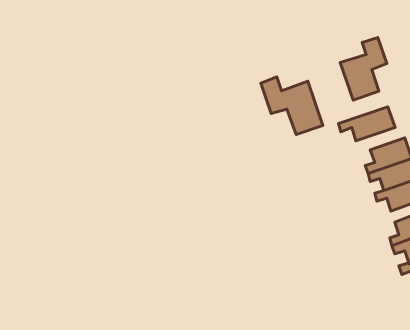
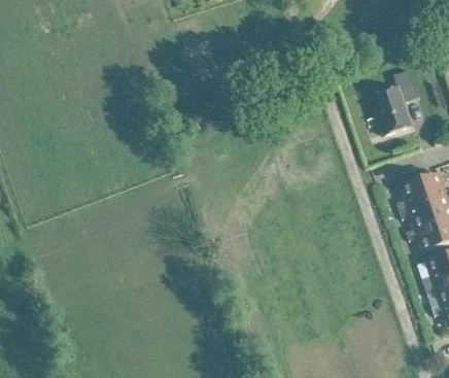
building: [261,77,323,135] -> none
building: [338,107,395,141] -> none

